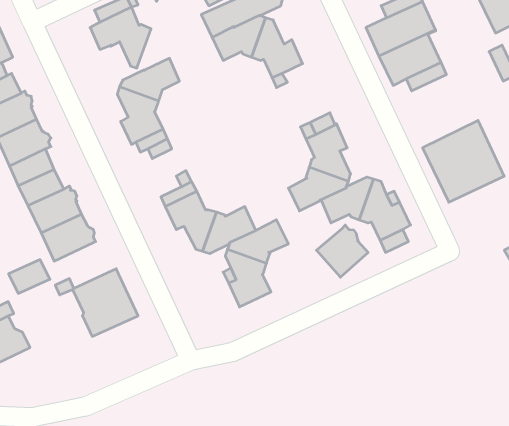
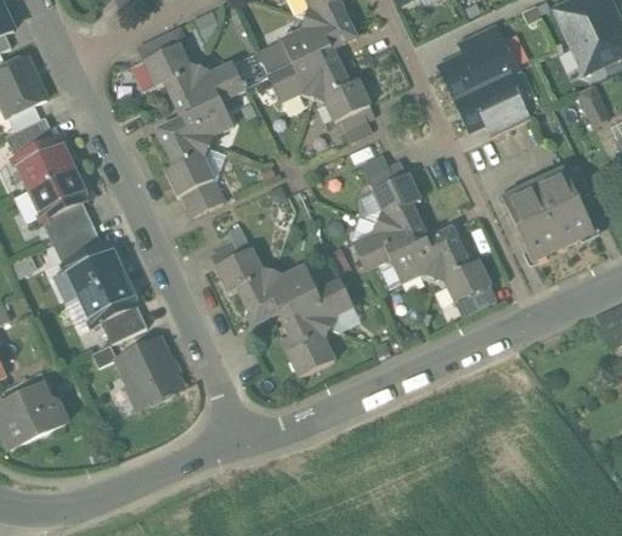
building: none -> [185,63,247,113]
building: [316,225,368,277] -> none
building: [9,260,50,293] -> [101,305,147,343]

